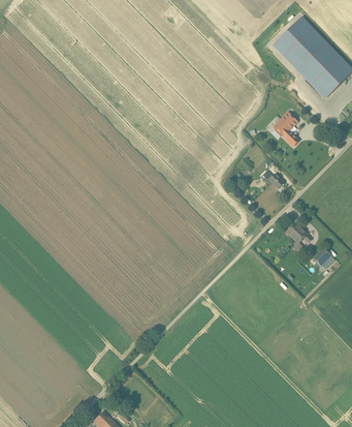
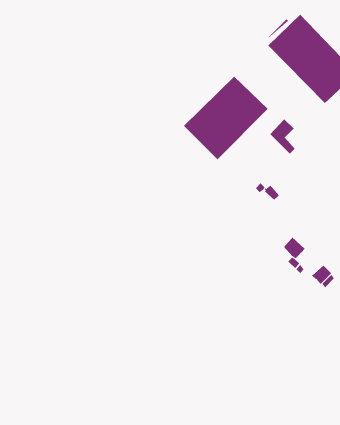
building: none -> [183,76,268,160]

